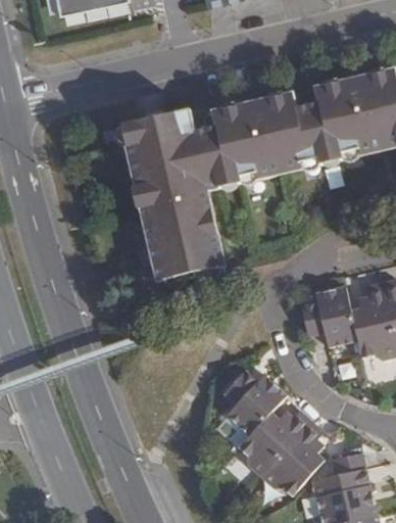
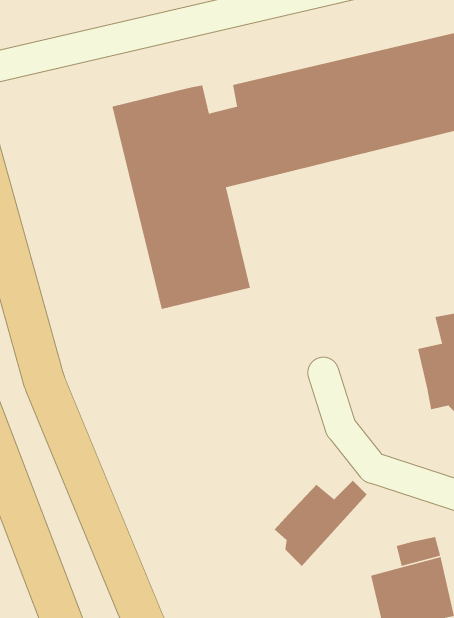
building: [300,286,357,347] -> none
building: [226,370,290,436] -> none
building: [262,422,325,495] -> none

